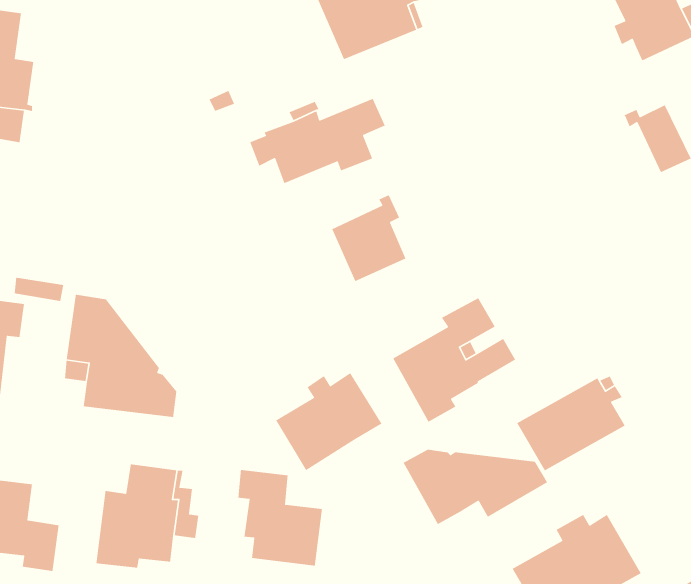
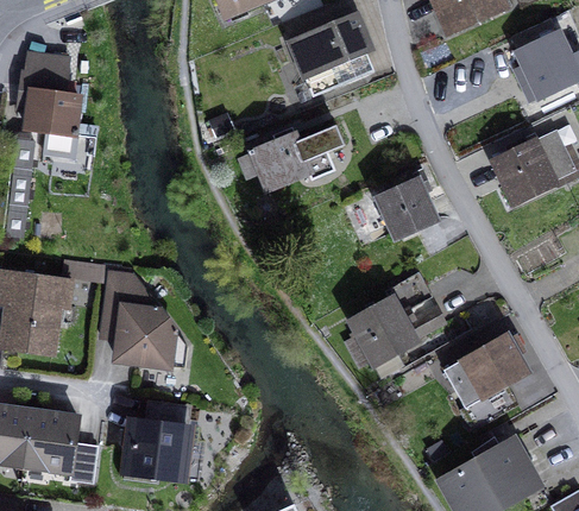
building: none -> [495,139,553,201]
building: [331,194,407,282] -> [378,171,435,238]
building: [275,372,382,471] -> none
building: [403,449,548,525] -> none
building: [237,469,323,566] -> none

